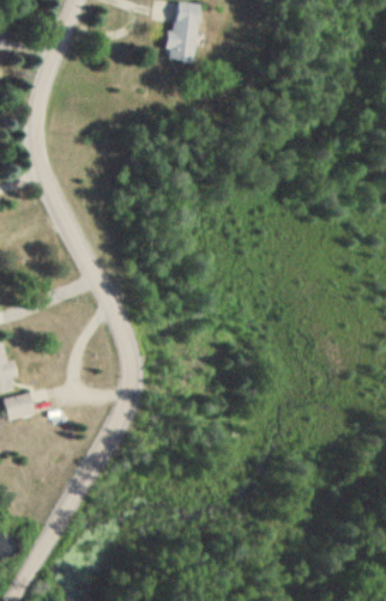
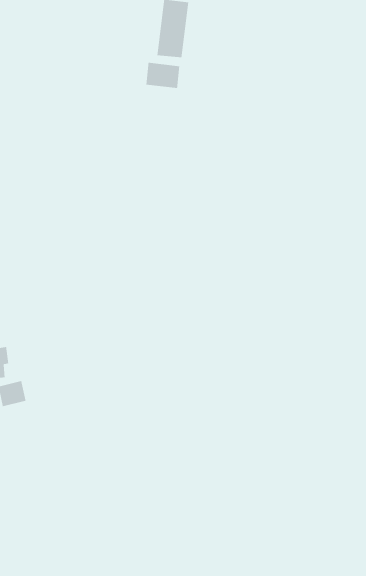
building: none -> [146,62,180,89]

